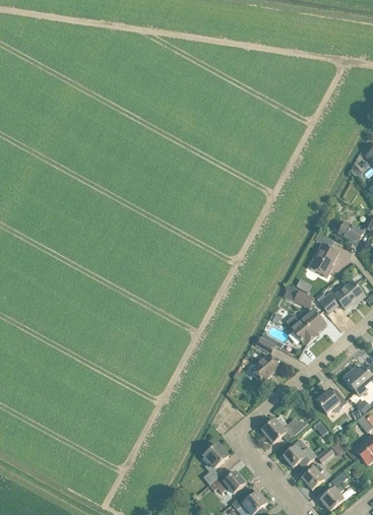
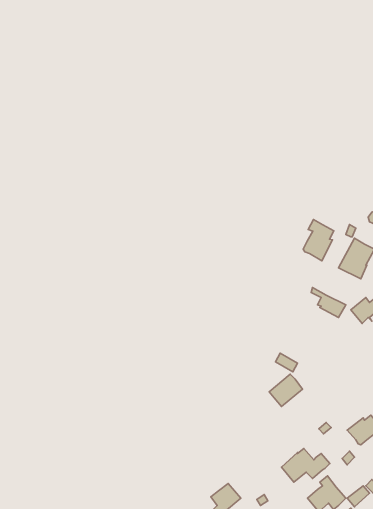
building: none -> [303,220,334,261]
building: [292,309,325,344] -> none

